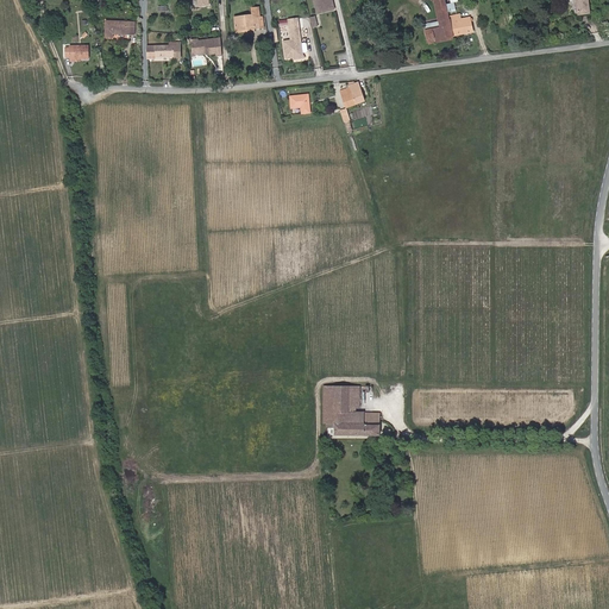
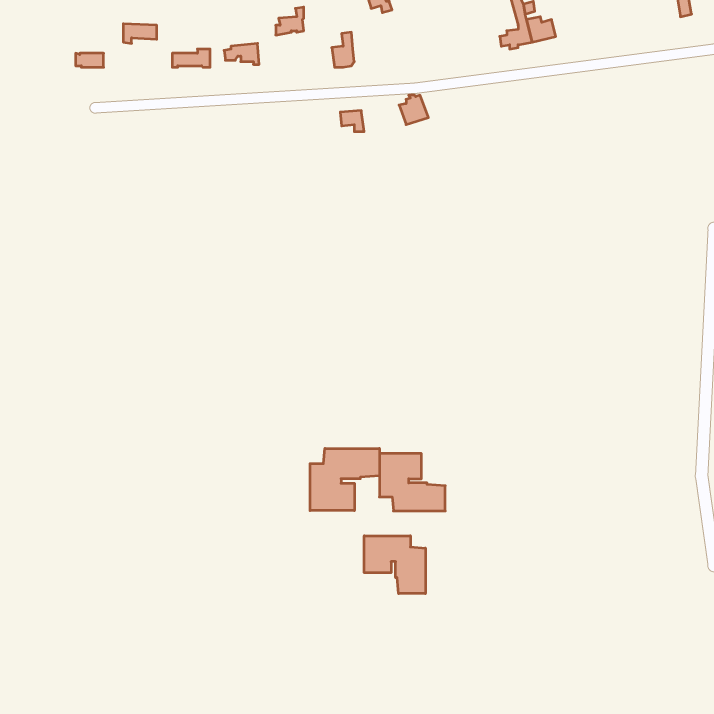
building: none -> [310,448,379,511]
building: none -> [364,536,425,594]

